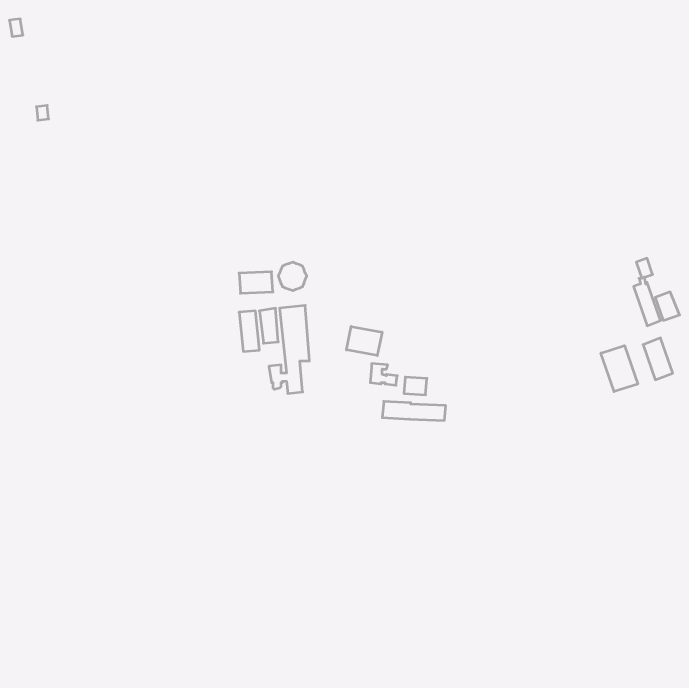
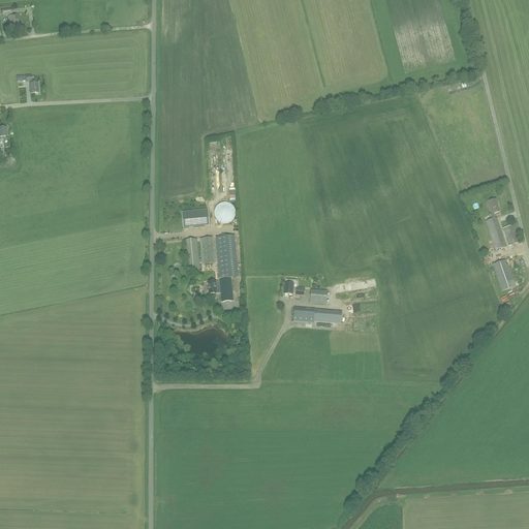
building: [346,326,382,356] -> none
building: [601,346,638,392] -> none

